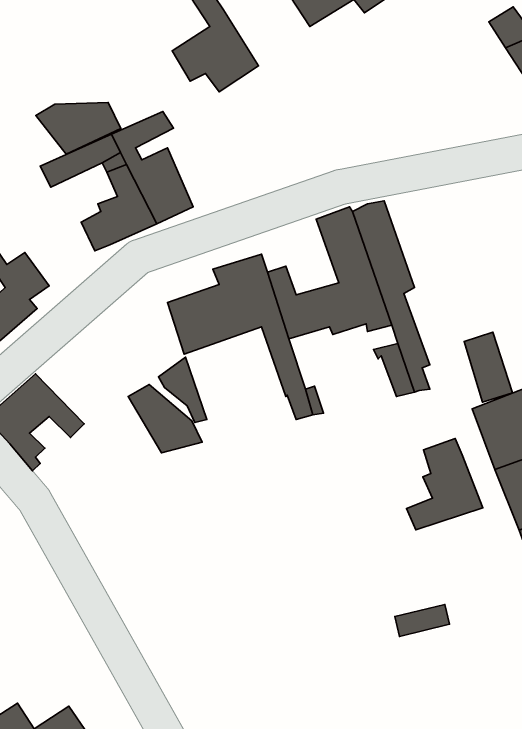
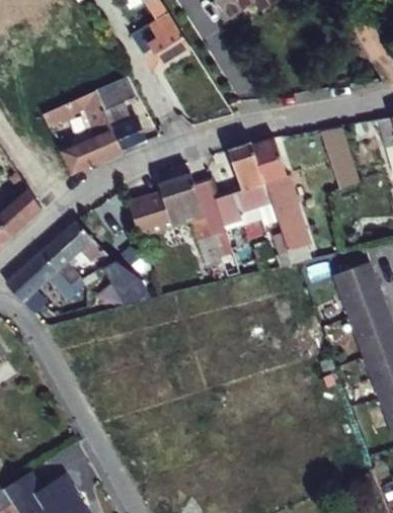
building: [36,102,121,154] -> none
building: none -> [41,222,108,285]
building: [464,332,513,402] -> [327,142,360,188]
building: [406,438,483,530] -> none

